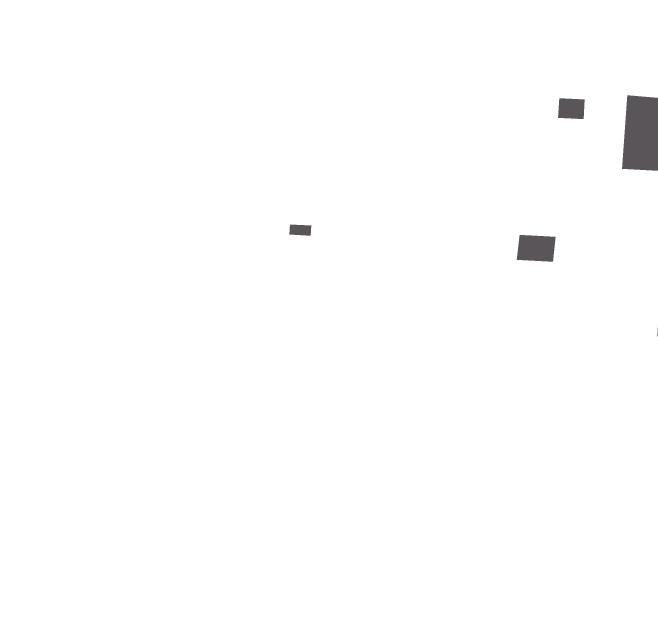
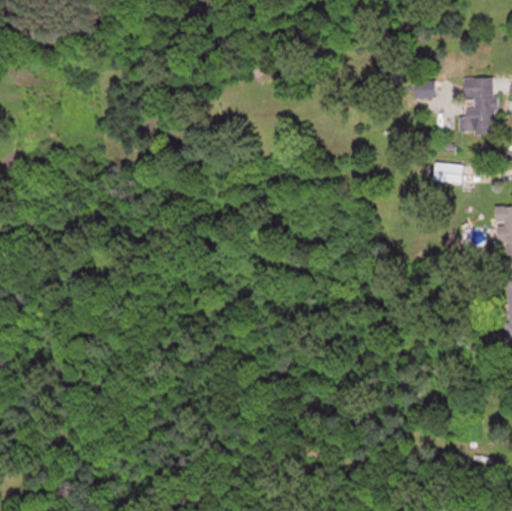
building: [516,234,557,262] -> [435,163,464,182]

